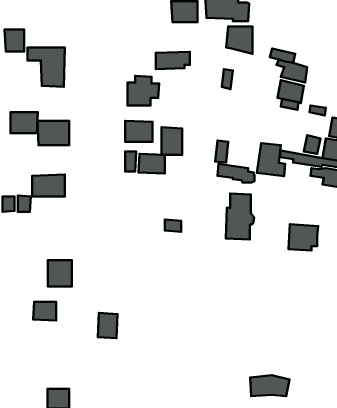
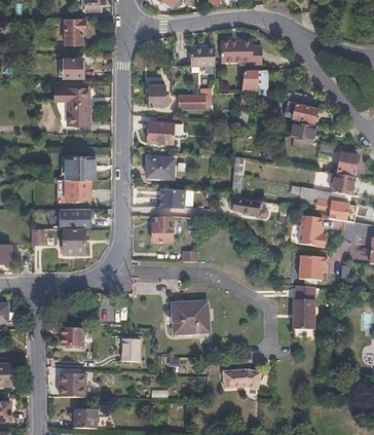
building: [5,30,24,51] -> [61,58,79,78]
building: none -> [148,84,169,106]
building: [11,112,38,133] -> [64,180,89,200]
building: [161,127,182,155] -> [152,216,172,242]
building: [257,143,285,176] -> [301,215,328,246]
building: [226,193,254,240] -> [291,285,317,328]
building: [48,260,72,286] -> [62,228,84,253]
building: none -> [171,300,208,333]
building: none -> [58,373,82,396]
building: [250,375,289,396] -> [222,368,259,388]

